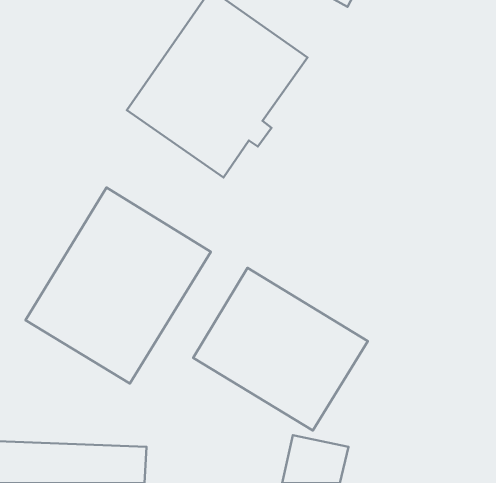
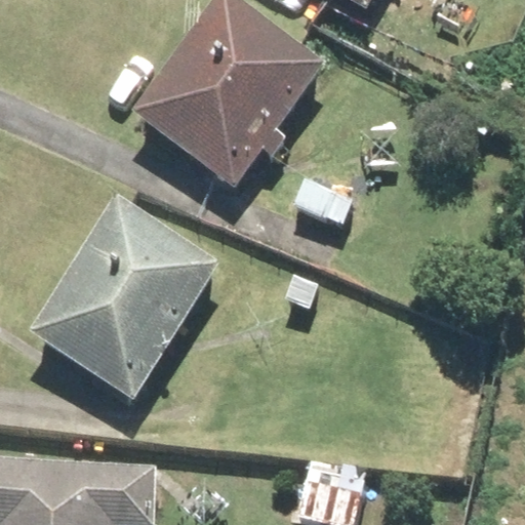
building: [193,268,368,430] -> none

